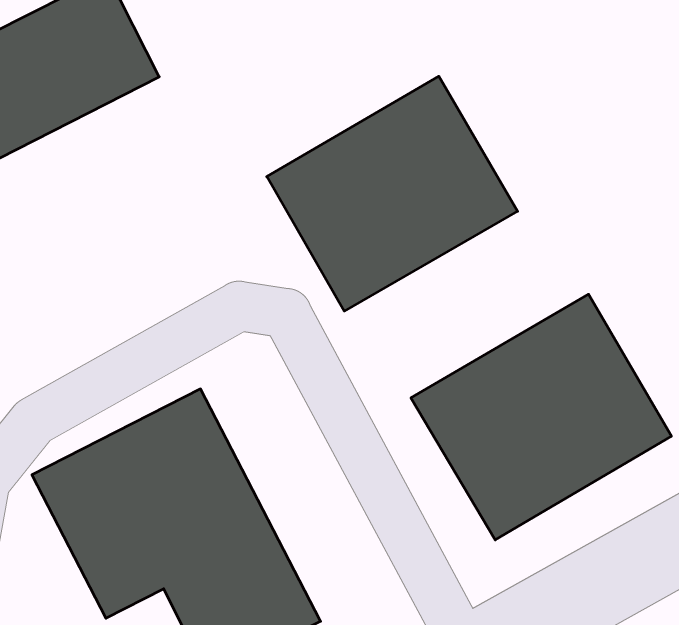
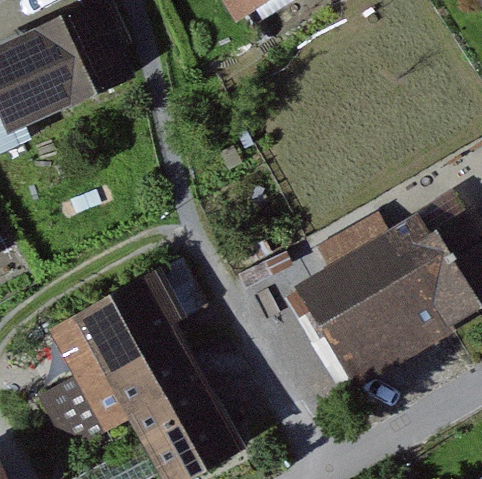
building: [267,76,518,311] -> none

